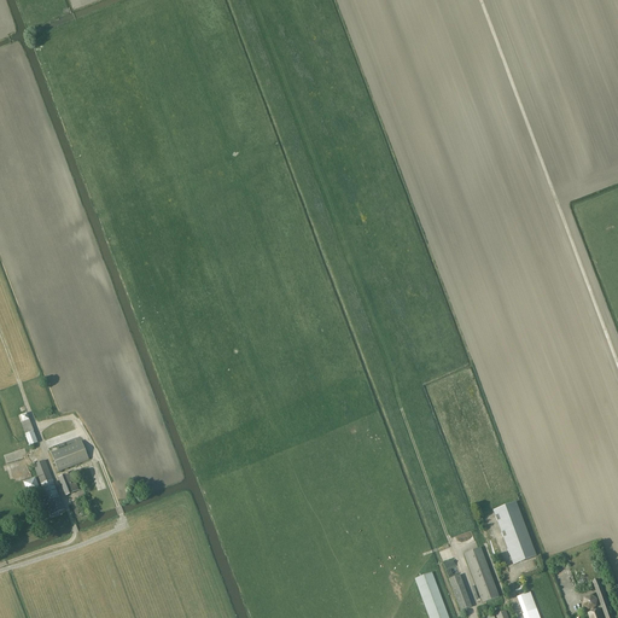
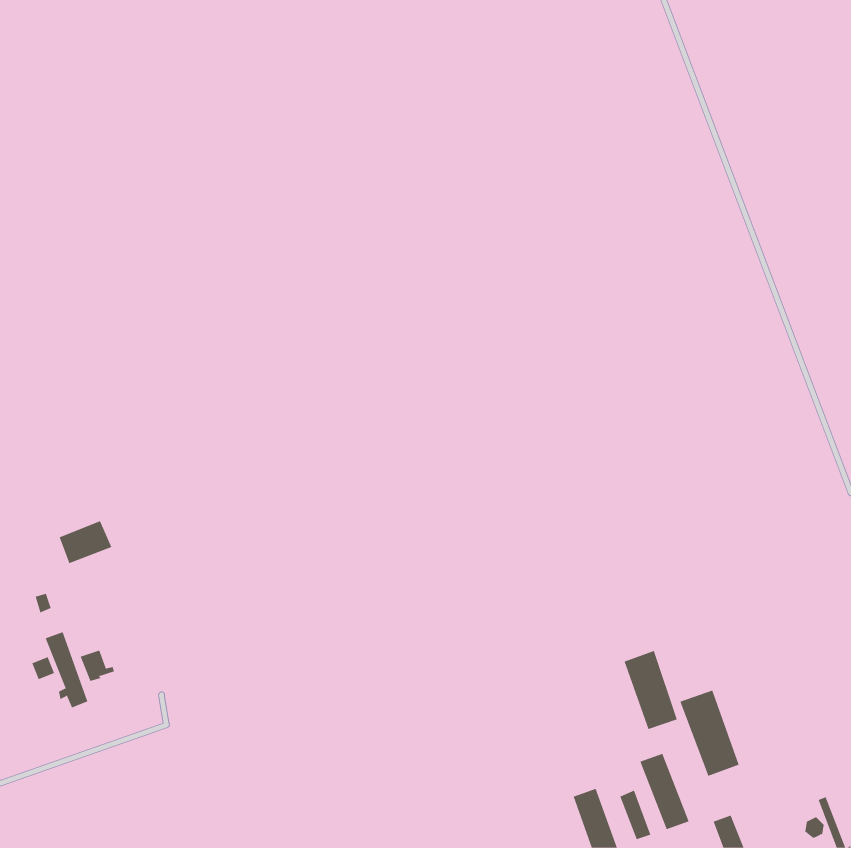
building: [51,438,89,470] -> [59,521,112,564]
building: none -> [624,650,677,730]

